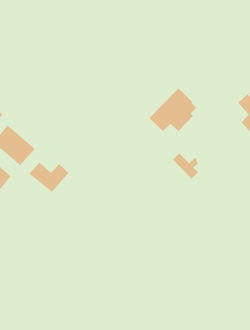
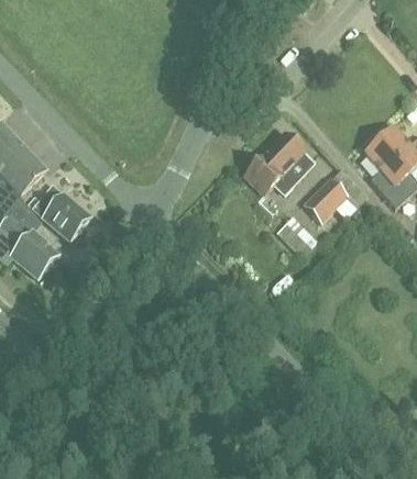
building: none -> [301,169,359,223]
building: [29,162,69,193] -> none

